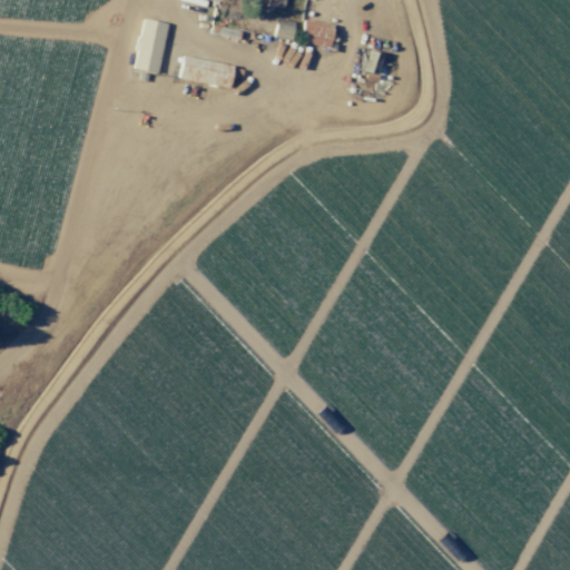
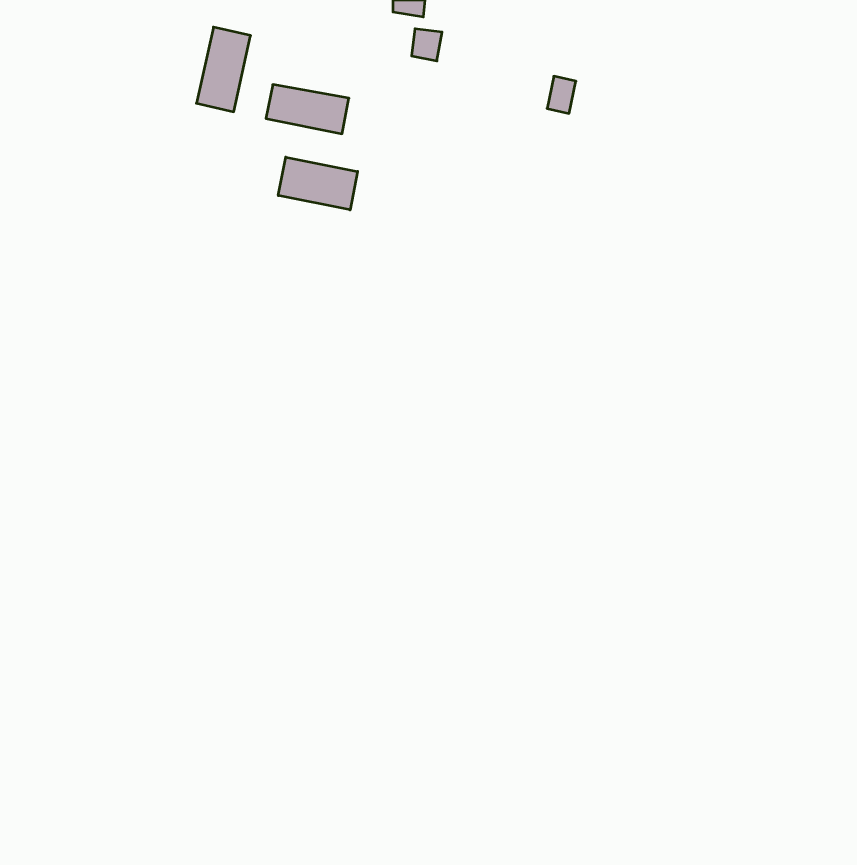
building: [303,20,335,46] -> none
building: none -> [278,157,358,210]

